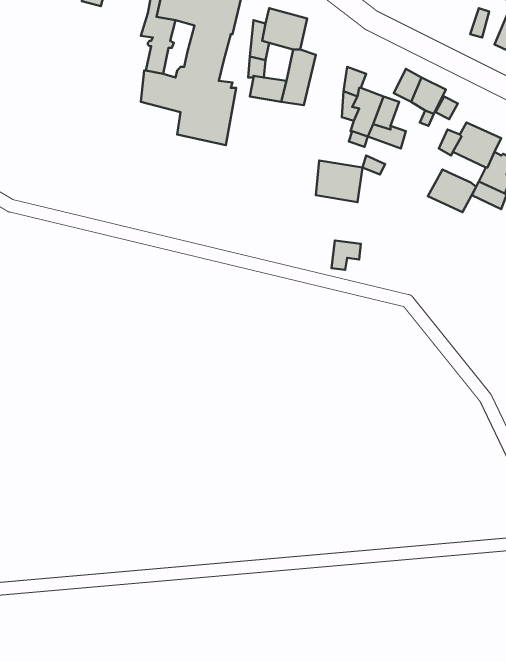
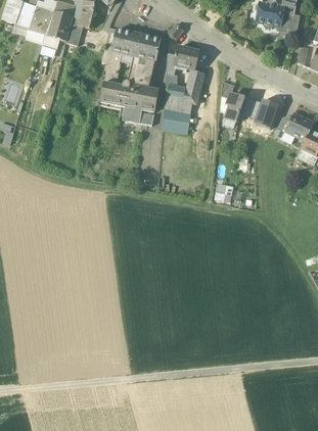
building: [316,161,363,202] -> [163,108,190,133]
building: [428,169,476,212] -> none

